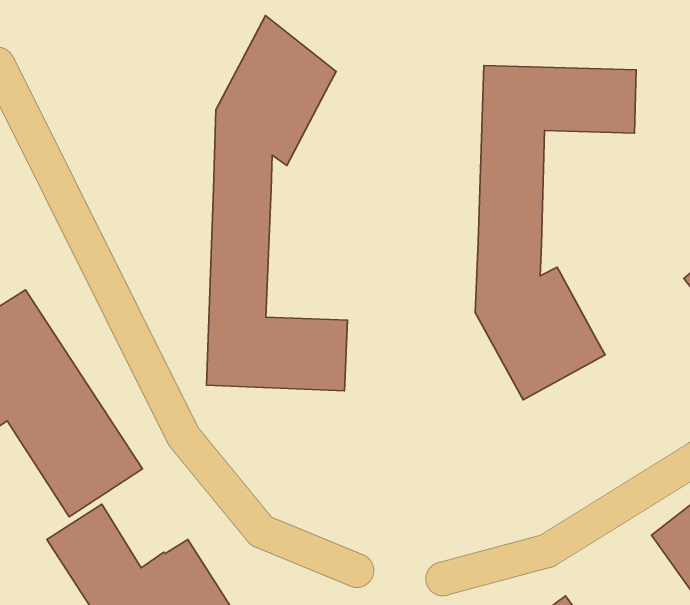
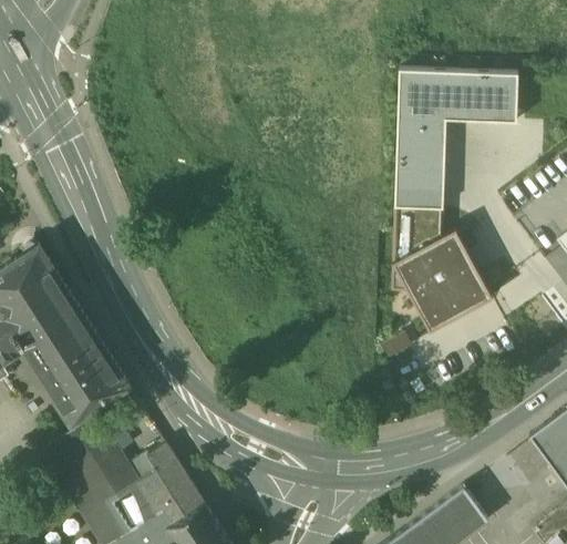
building: [207,16,348,391] -> none

